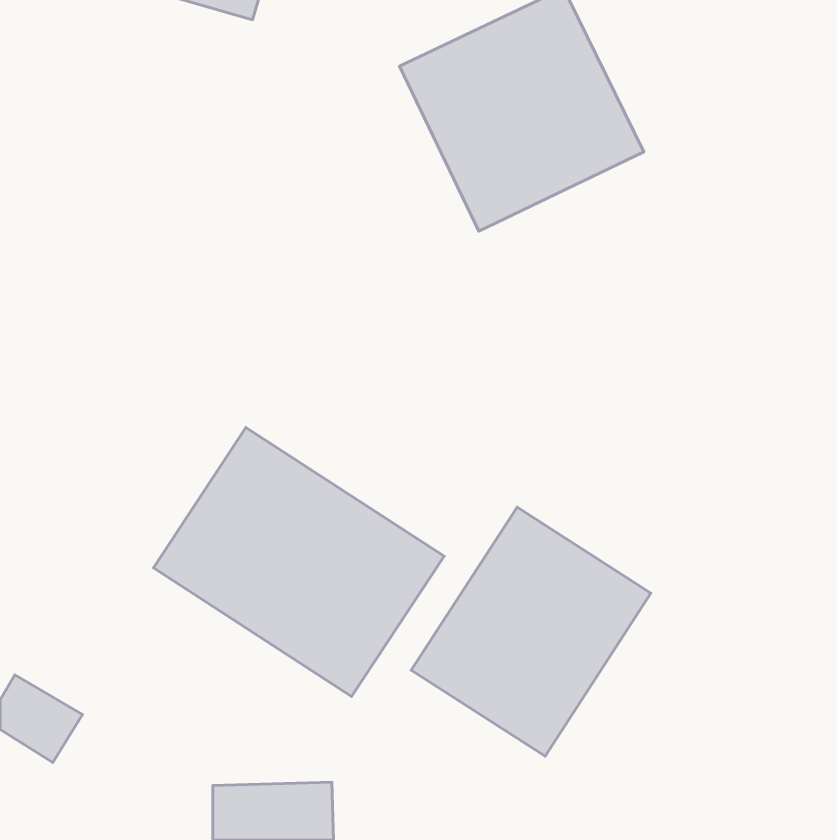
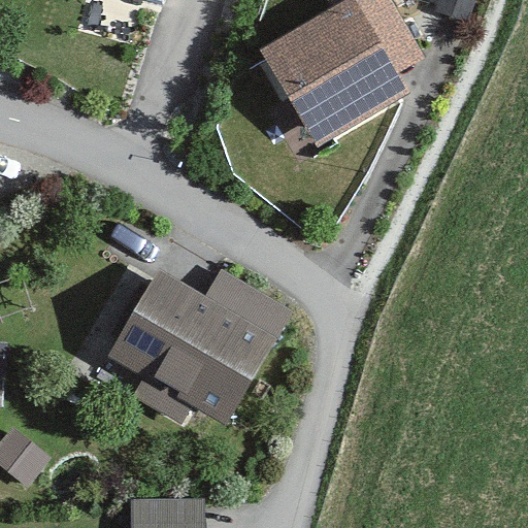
building: [411,507,651,756] -> none

